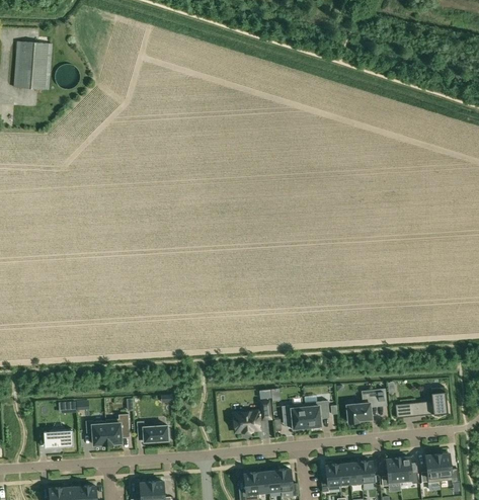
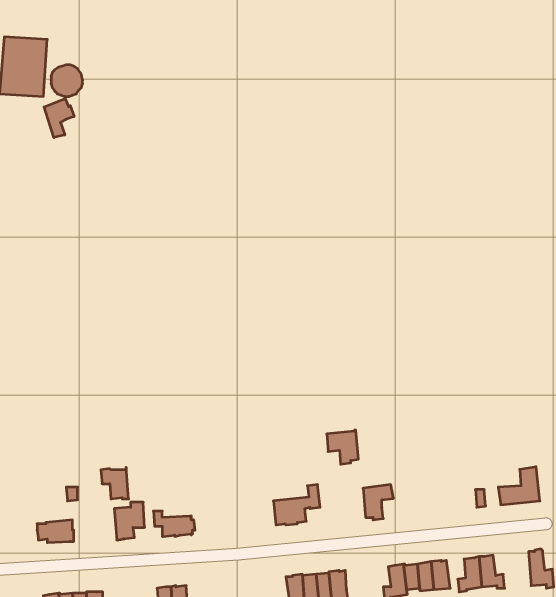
building: none -> [44,99,74,138]
building: [346,389,386,422] -> none
building: [282,403,307,430] -> [327,430,358,464]
building: [85,419,107,444] -> [101,467,129,499]
building: [420,453,440,482] -> none

